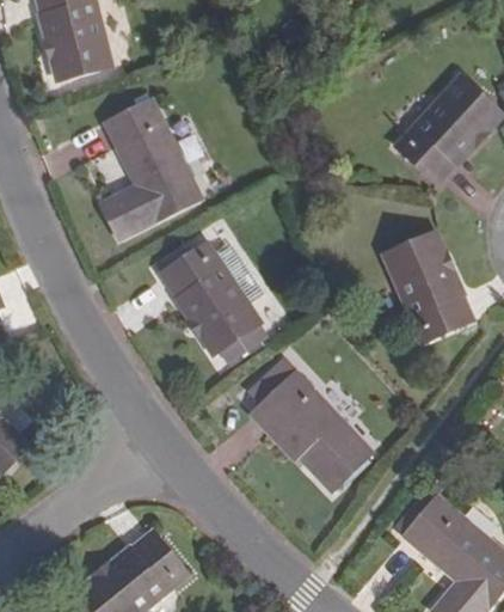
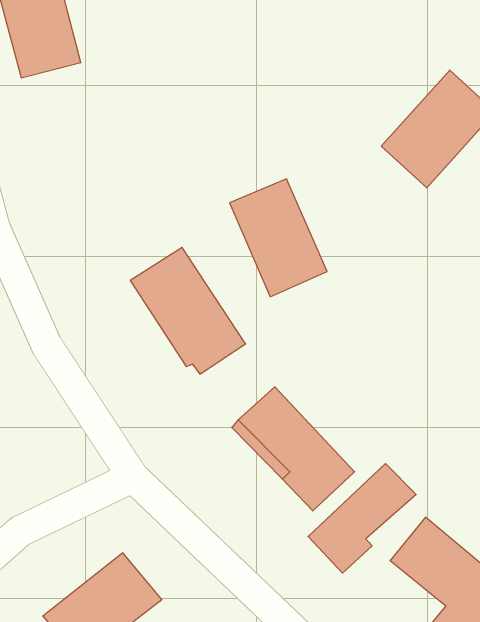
building: [100,99,201,239] -> none
building: [382,232,474,343] -> [230,179,327,297]
building: none -> [308,464,416,573]

